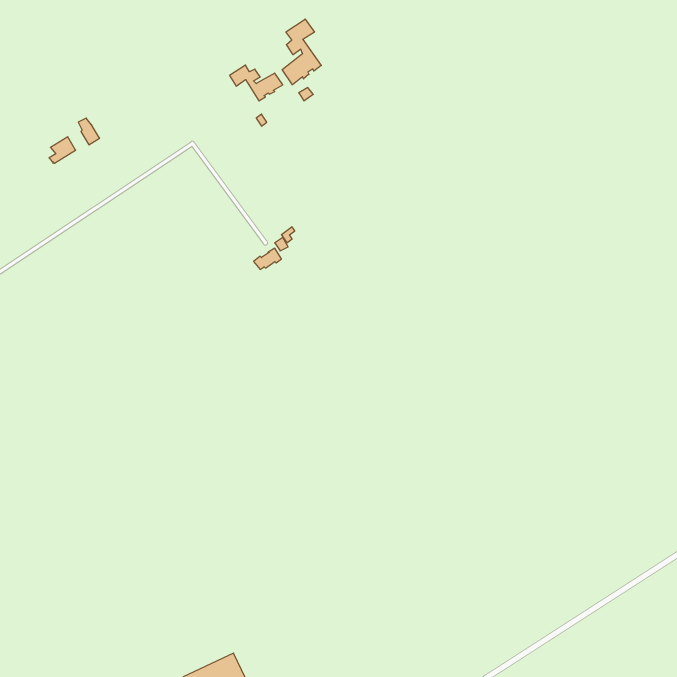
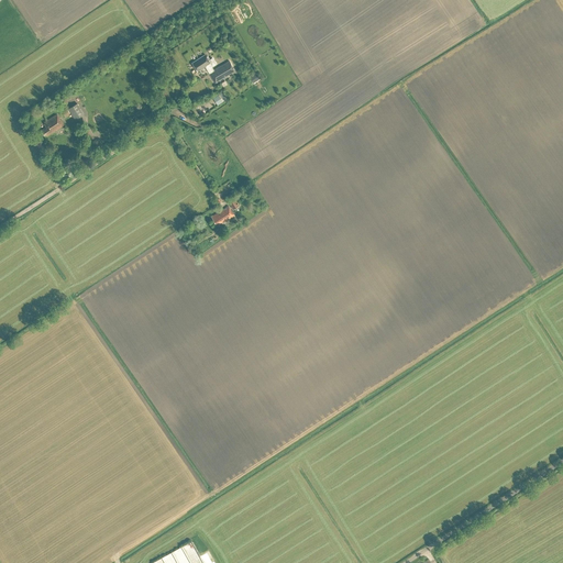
building: [282,19,321,85] -> none

